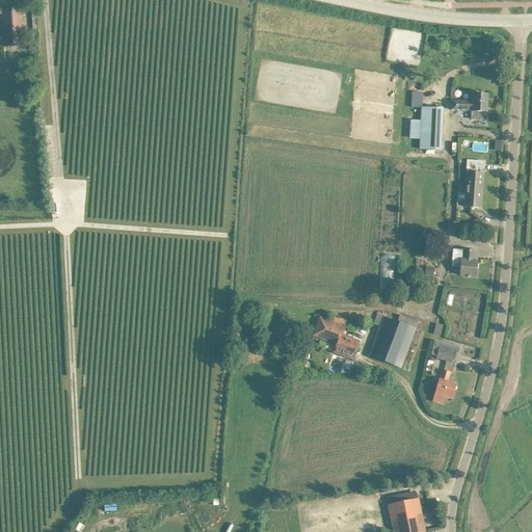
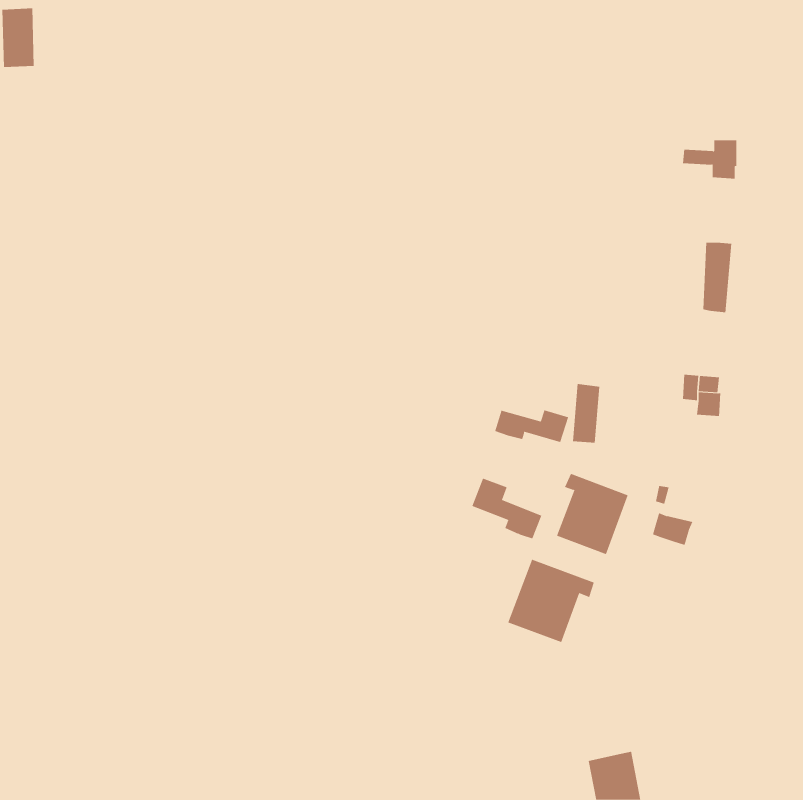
building: [409,106,443,149] -> none
building: none -> [494,409,569,443]
building: [433,369,456,402] -> none
building: none -> [508,559,594,643]

